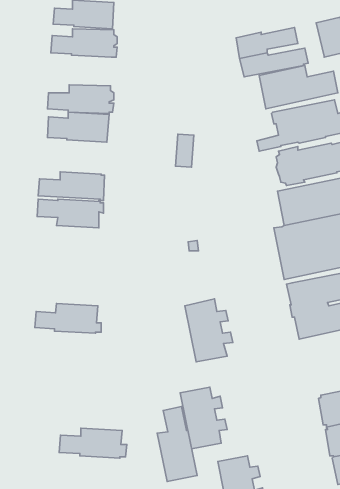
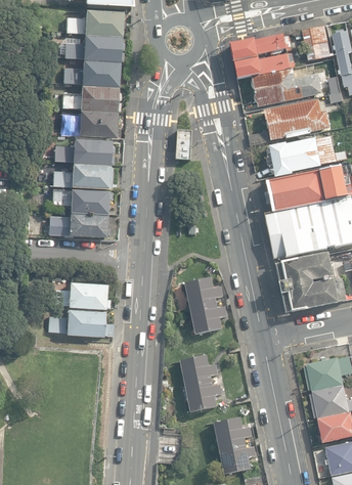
building: none -> [63,60,120,87]
building: none -> [54,139,114,166]
building: none -> [50,212,109,236]
building: [157,406,197,481] -> none
building: [59,428,127,458] -> [48,309,108,336]

